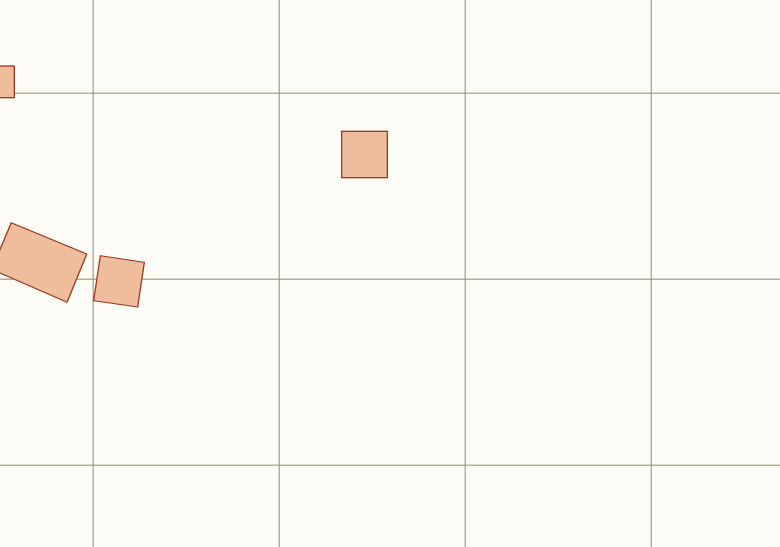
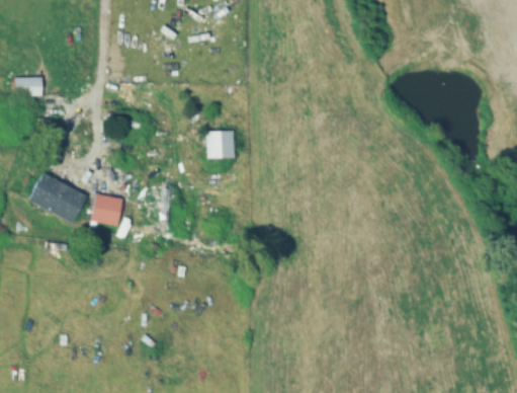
building: [341,131,388,178] -> [206,130,235,158]

